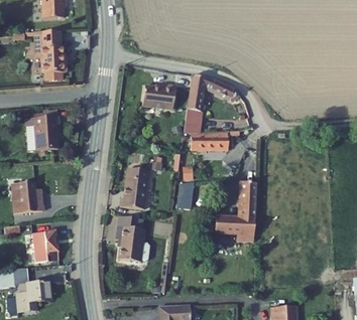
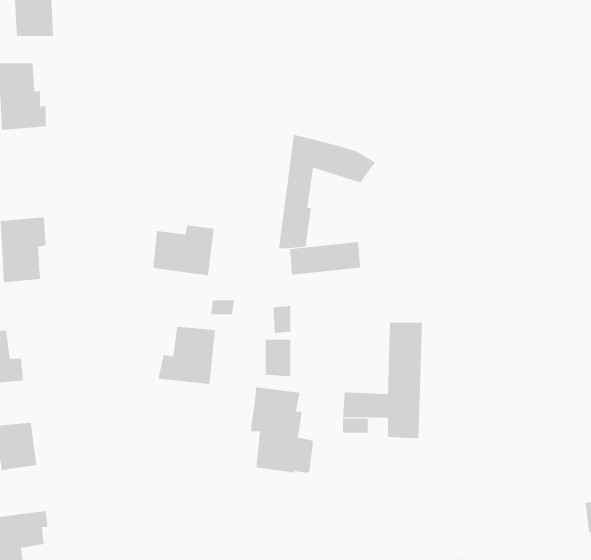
building: [142,84,175,111] -> [152,225,215,276]
building: [117,215,151,262] -> [250,387,314,473]

